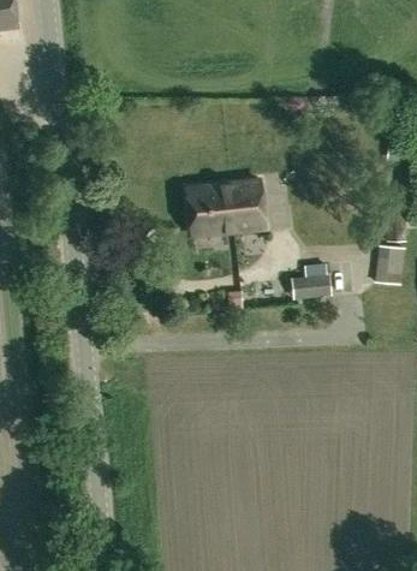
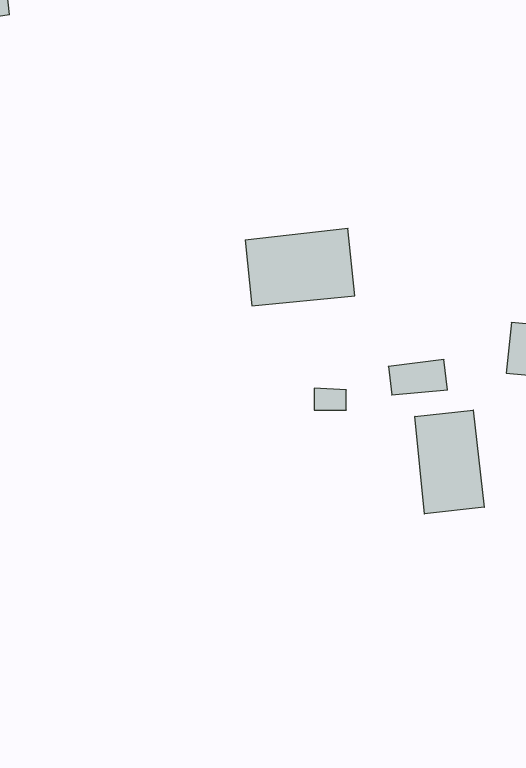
building: none -> [415,410,484,514]

